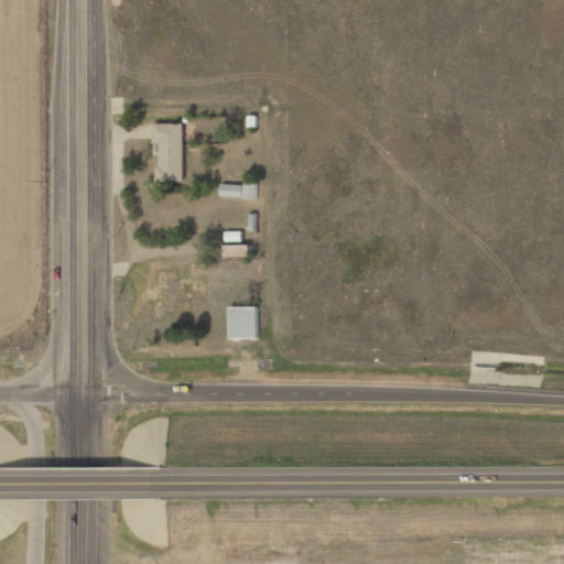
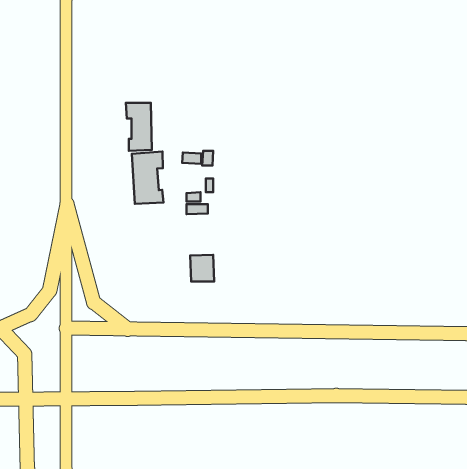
building: none -> [132,151,163,204]

